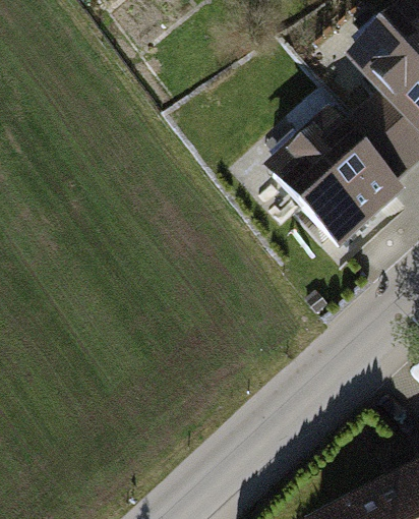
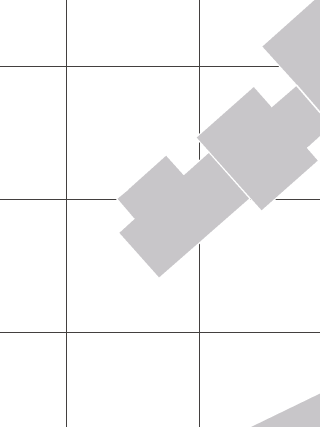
building: none -> [117,152,250,279]

